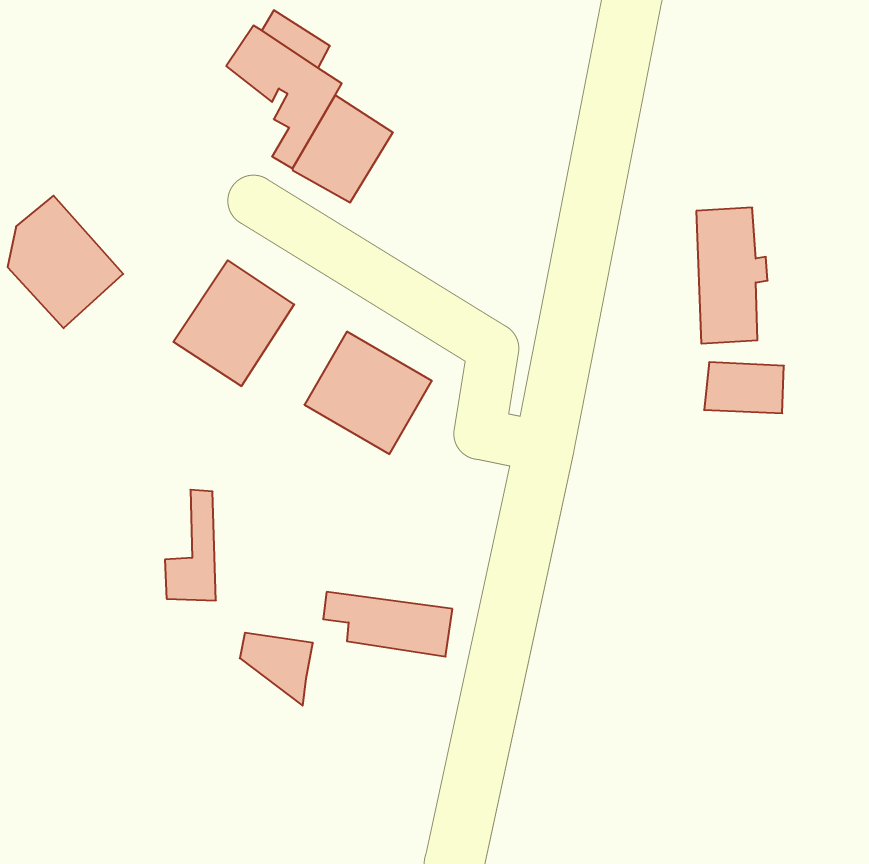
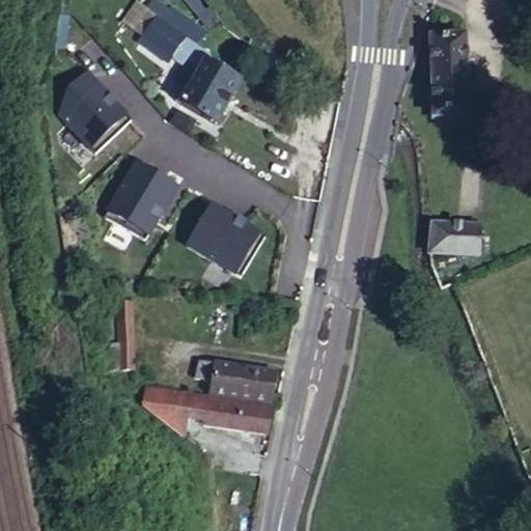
building: [8,196,123,328] -> [60,69,131,150]
building: [696,208,768,344] -> [429,33,473,116]
building: none -> [187,392,271,431]

